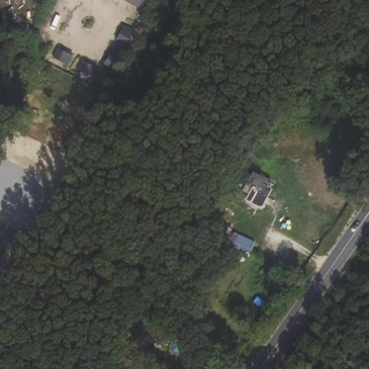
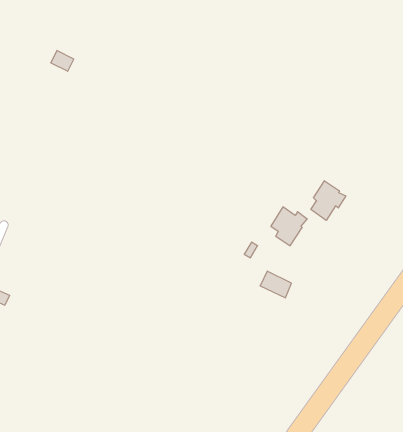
building: none -> [311,181,346,220]

